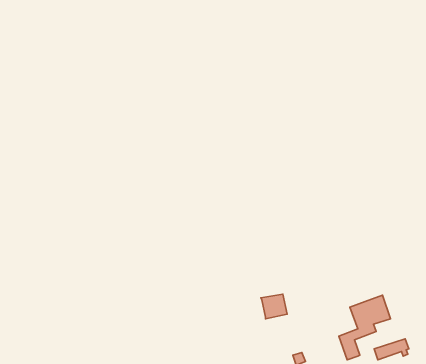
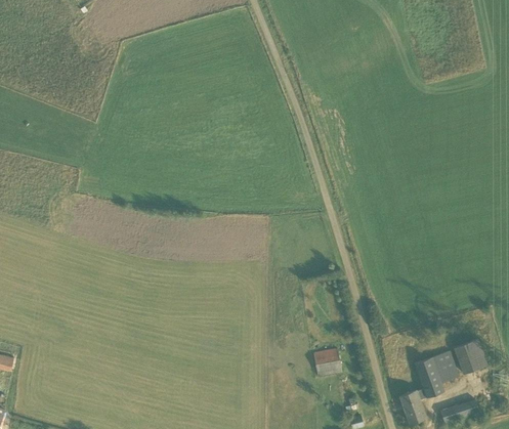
building: none -> [460,336,484,367]

